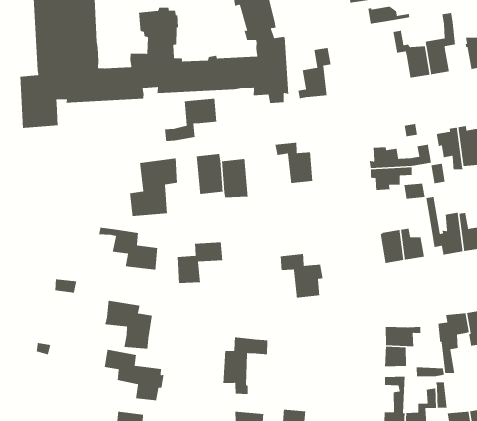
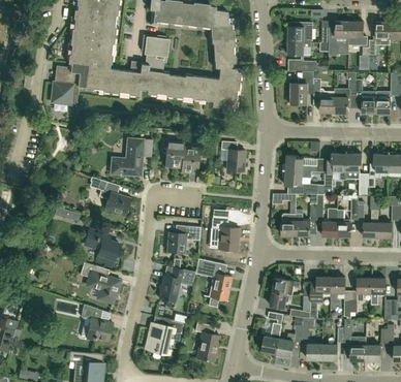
building: [298,47,331,99] -> [287,71,314,104]
building: [164,98,217,142] -> none
building: [177,242,223,284] -> [166,225,201,253]
building: none -> [194,258,232,307]

